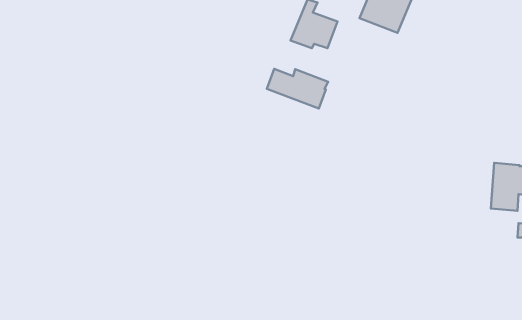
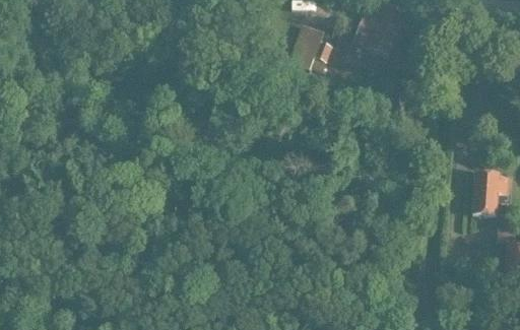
building: [267,69,328,109] -> none

